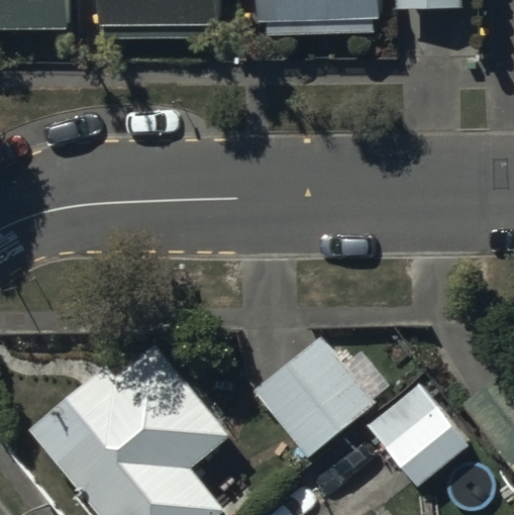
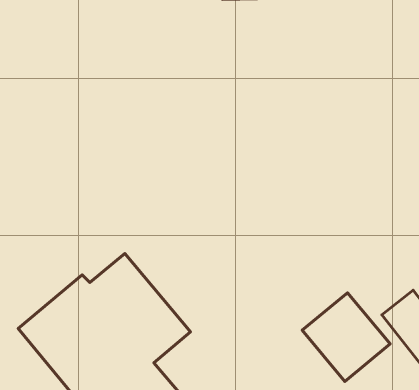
building: [251,334,373,455] -> none

